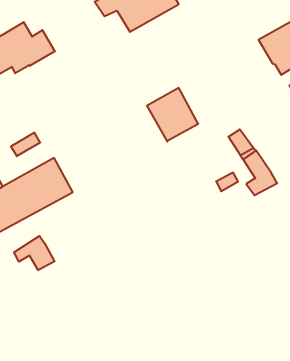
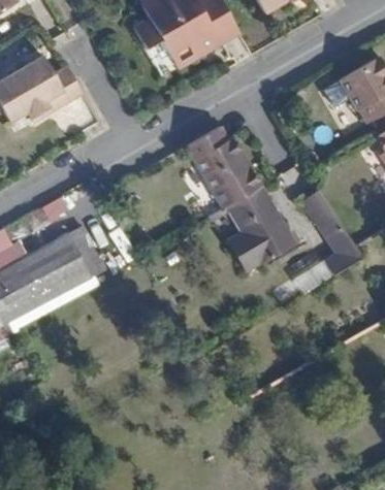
building: none -> [188,124,238,162]
building: none -> [223,185,292,265]
building: [14,236,55,270] -> none

